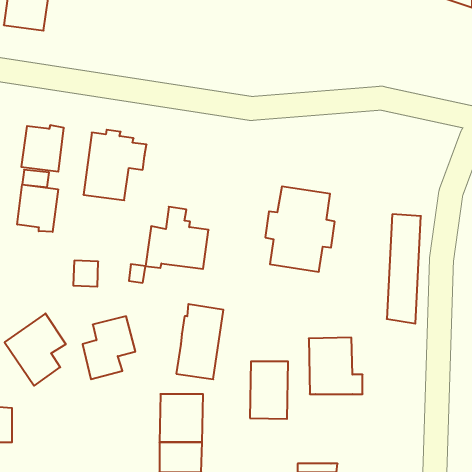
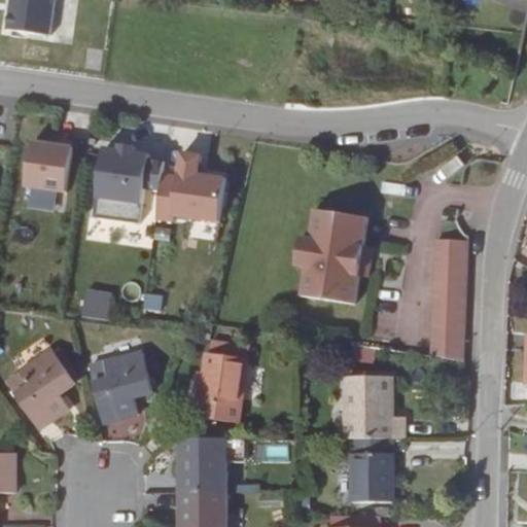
building: [17,185,58,232] -> none
building: [146,207,209,269] -> [154,151,224,220]
building: [250,361,288,419] -> [349,437,391,501]

